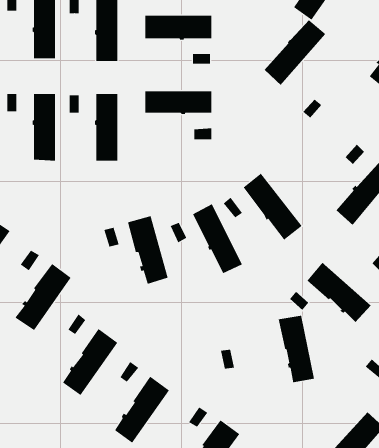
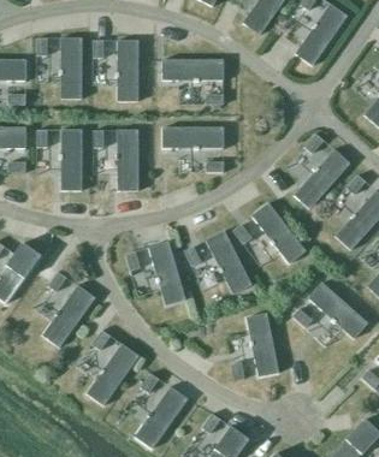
building: [264,19,326,86] -> [292,149,349,209]
building: [278,315,315,383] -> [243,313,277,374]

